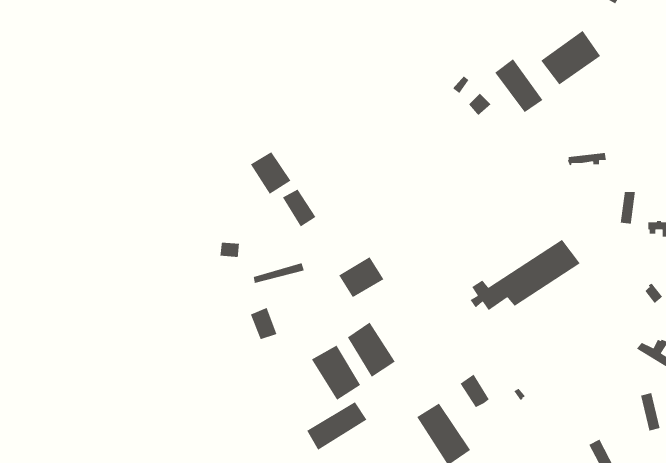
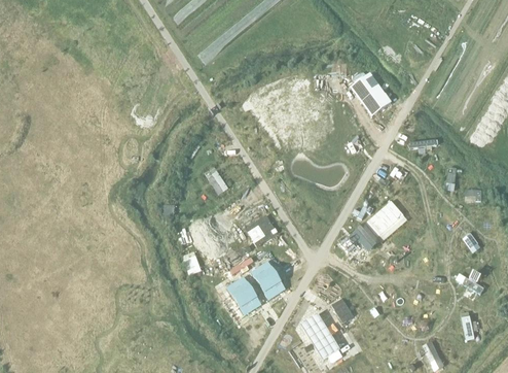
building: [540,30,601,86] -> none
building: [250,151,292,195] -> none
building: [306,401,368,451] -> none

